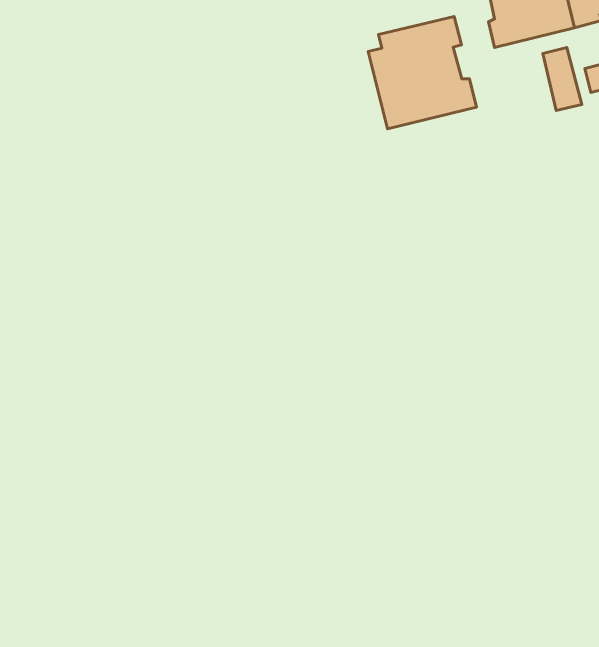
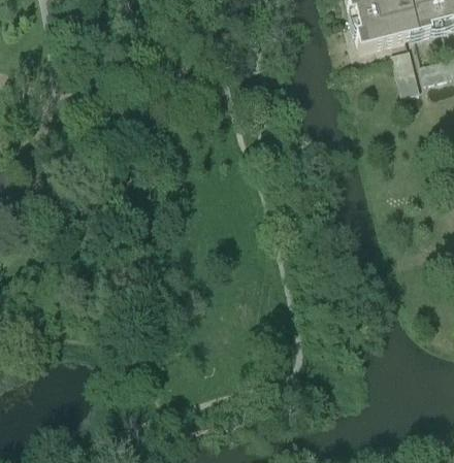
building: [368,16,477,129] -> none

